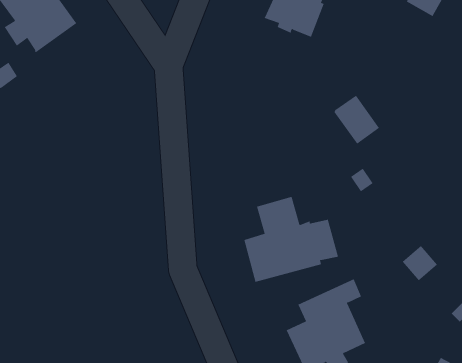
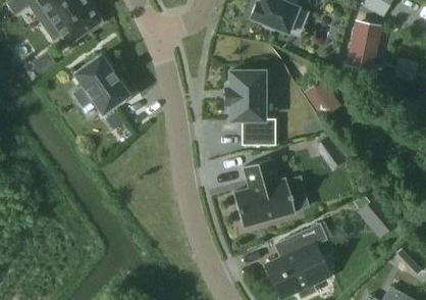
building: none -> [349,23,378,69]
building: none -> [74,55,129,114]
building: none -> [224,71,275,145]

